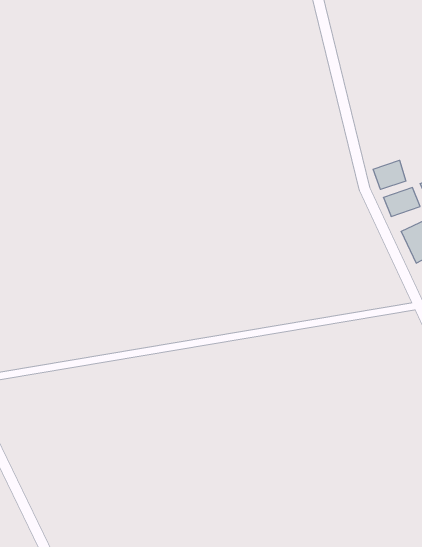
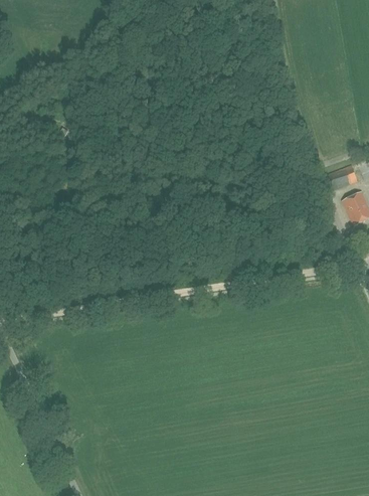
building: [373,160,406,189] -> none

